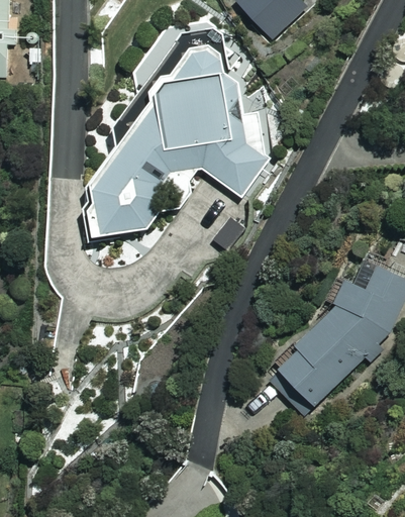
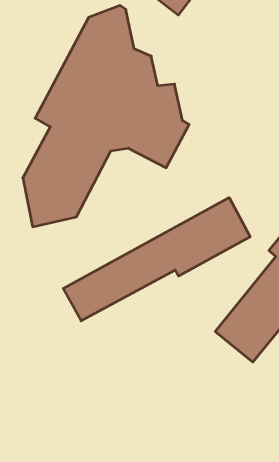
building: none -> [63,198,250,321]

